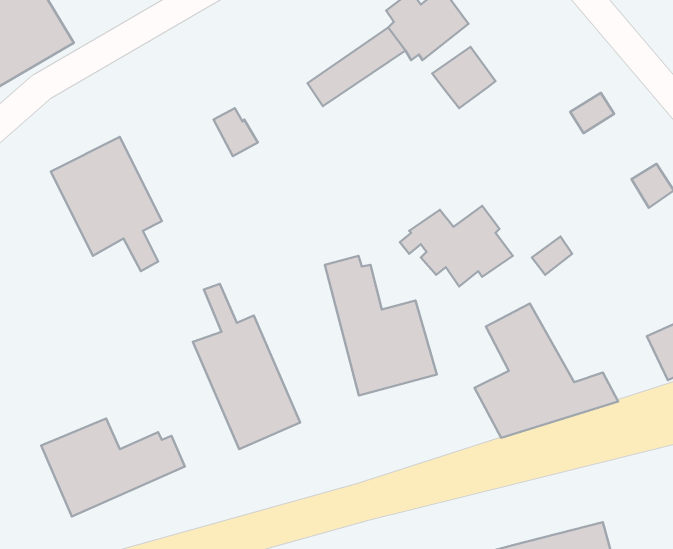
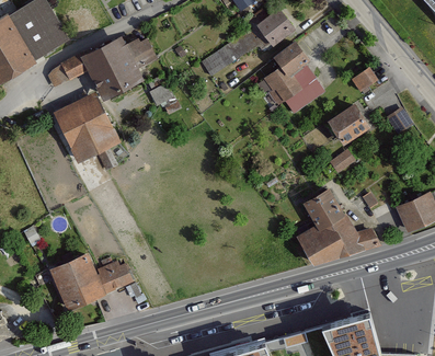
building: none -> [50,38,156,100]
building: none -> [329,104,369,143]
building: [400,206,513,286] -> [257,65,322,111]
building: [325,256,437,395] -> none
building: [193,284,300,449] -> none

